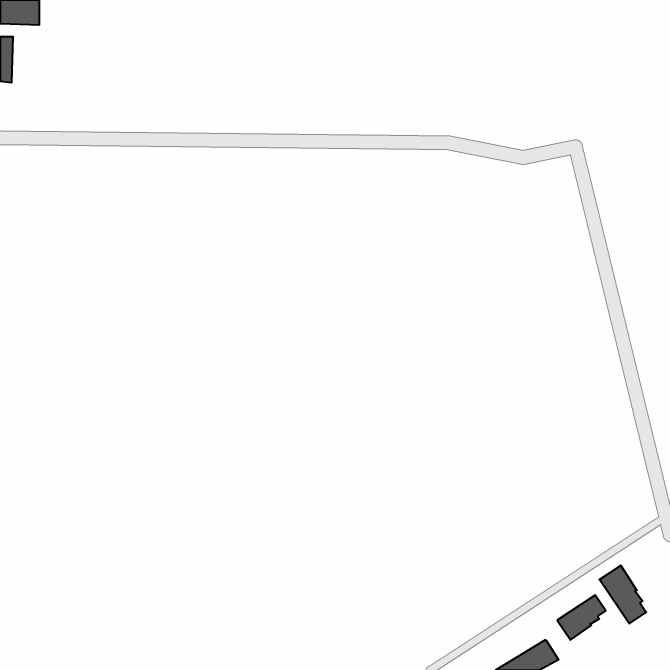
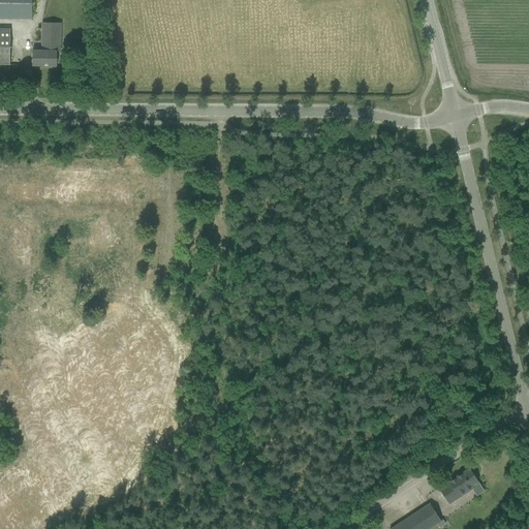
building: none -> [33,24,60,66]
building: [599,565,646,624] -> none

